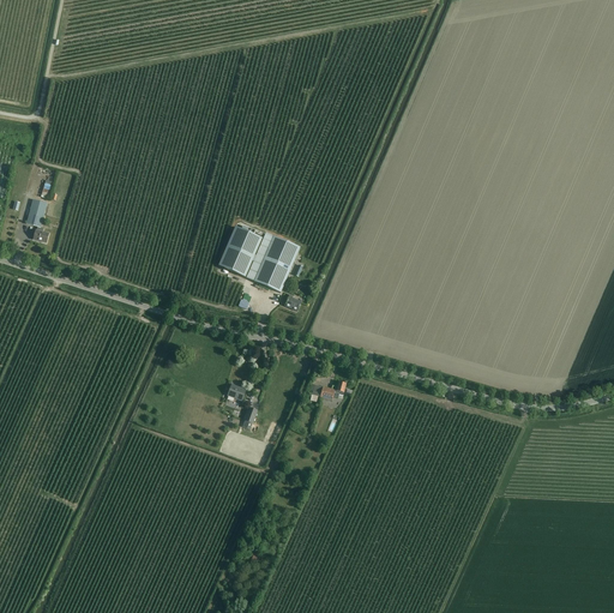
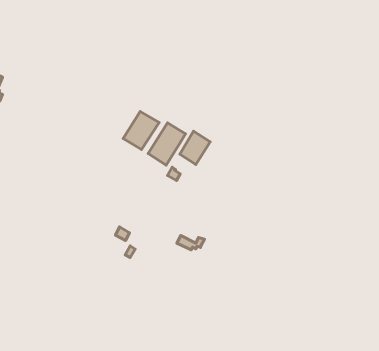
building: none -> [180,131,210,164]

